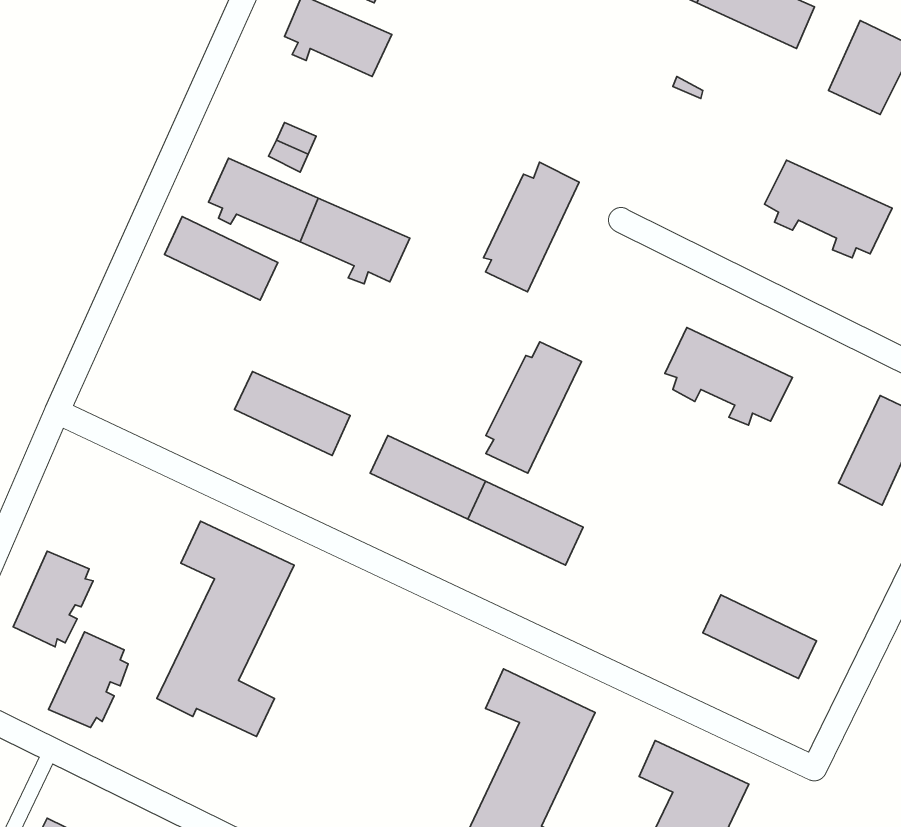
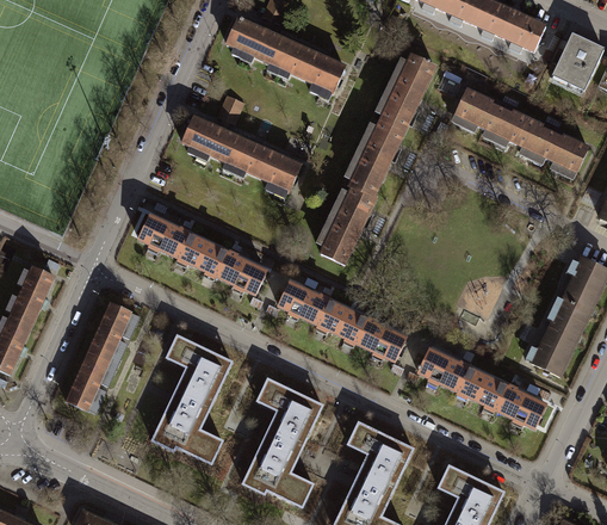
building: none -> [279,42,345,93]
building: none -> [378,51,435,130]
building: [164,216,278,300] -> [140,216,208,266]
building: [665,328,792,425] -> [451,87,527,146]
building: [486,342,582,473] -> [317,185,374,264]
building: none -> [533,310,584,375]
building: none -> [421,350,488,400]
building: none -> [242,377,323,506]
building: [49,632,128,728] -> [85,304,132,362]

